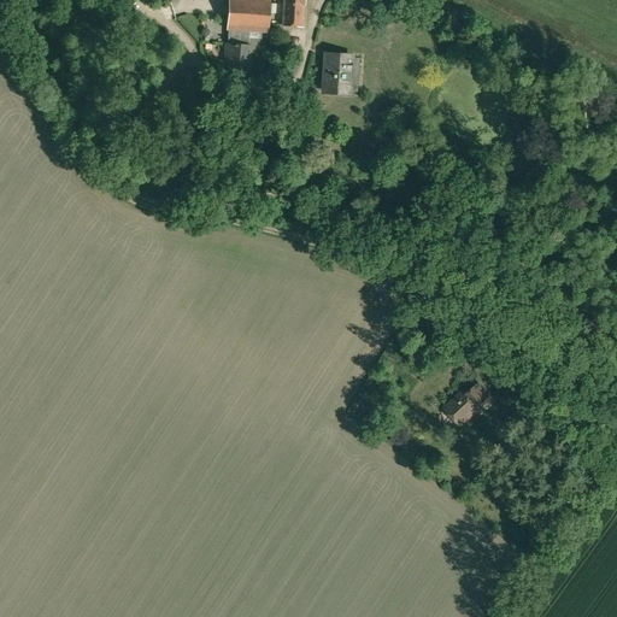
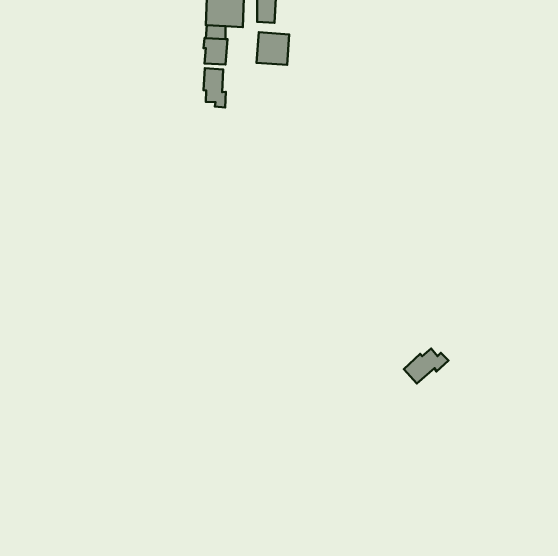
building: [324,53,360,89] -> [256,32,289,65]
building: none -> [203,68,226,108]

